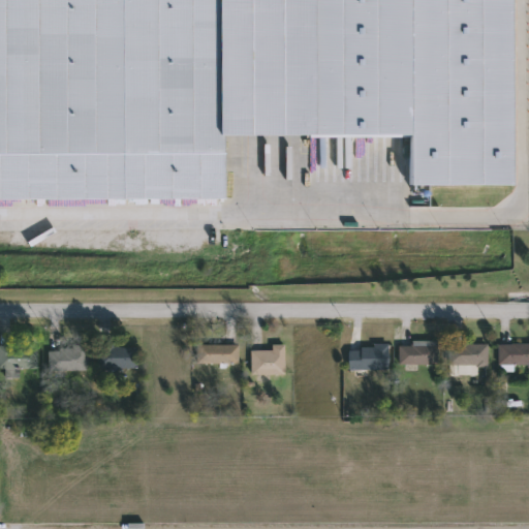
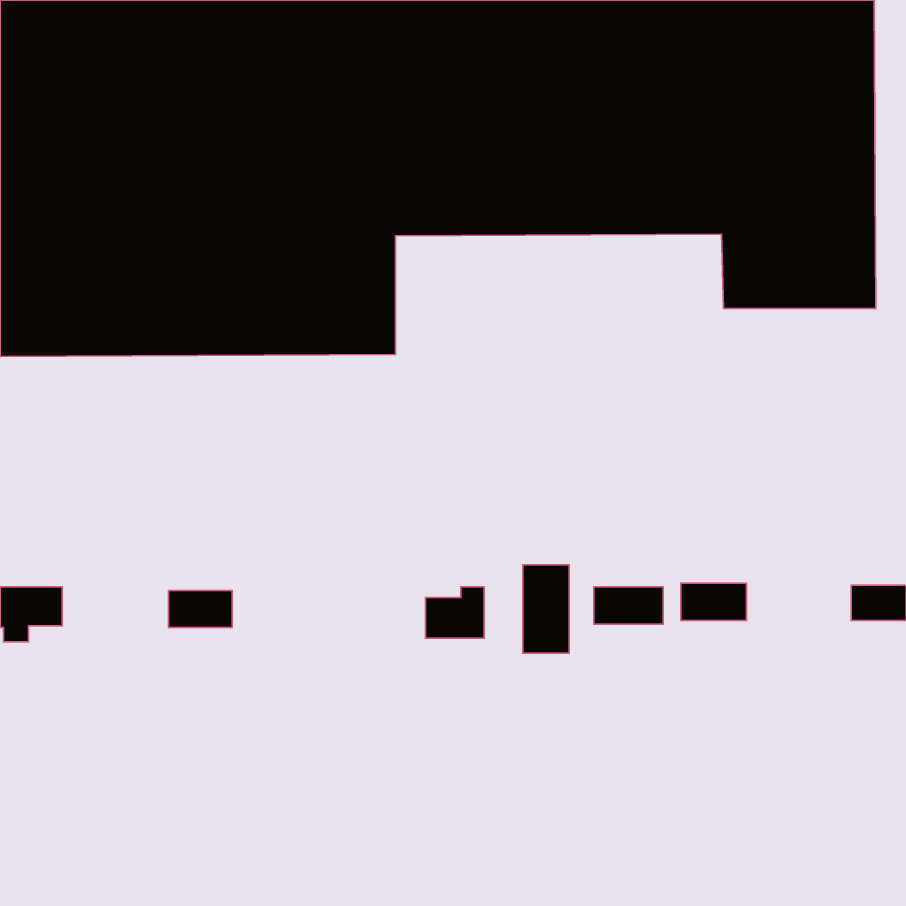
building: none -> [523,565,569,653]
building: [447,341,487,364] -> none
building: [194,342,237,361] -> none
building: [49,344,85,368] -> none

